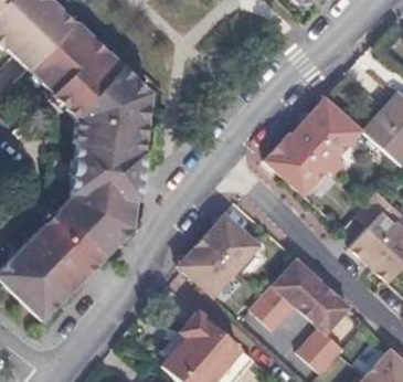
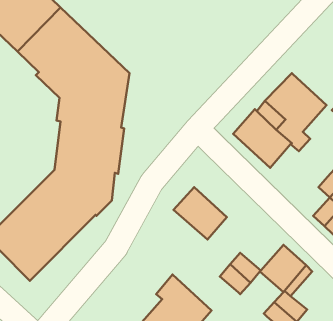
building: [173,242,234,300] -> none
building: [269,261,316,307] -> none

